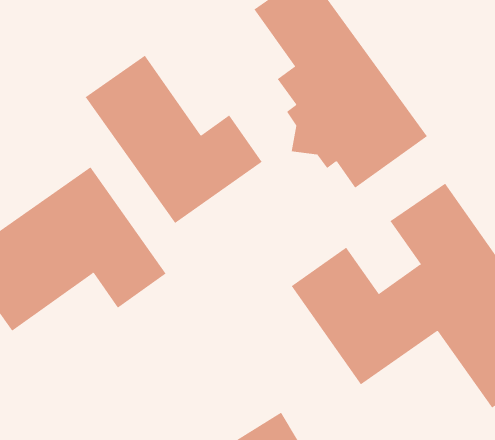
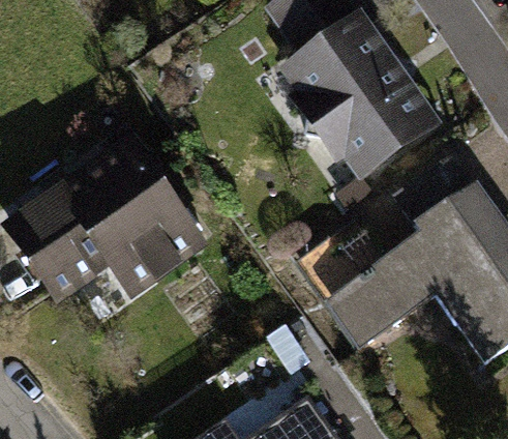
building: [85,55,262,224] -> none

